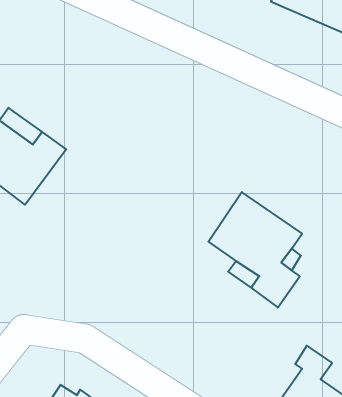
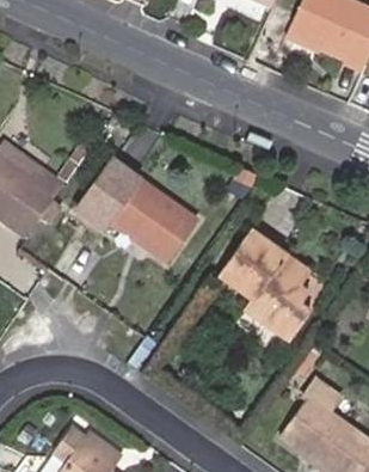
building: none -> [73,160,199,265]

